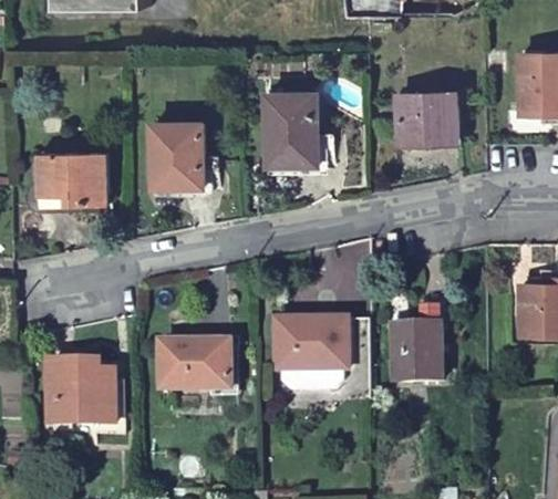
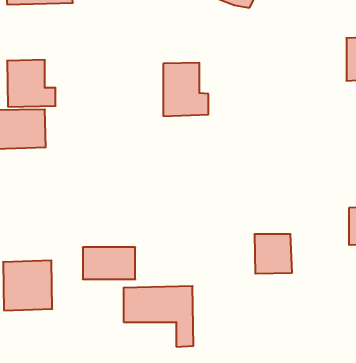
building: [394,93,453,138] -> none
building: [153,124,218,187] -> [7,60,56,107]
building: [273,314,368,396] -> [124,286,193,347]

